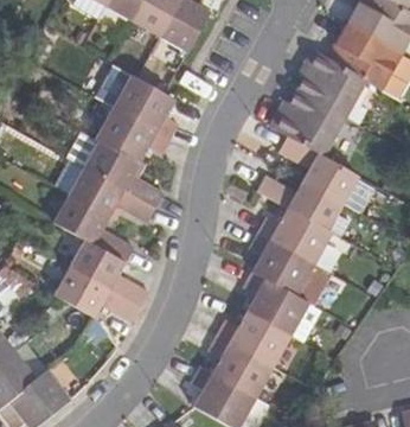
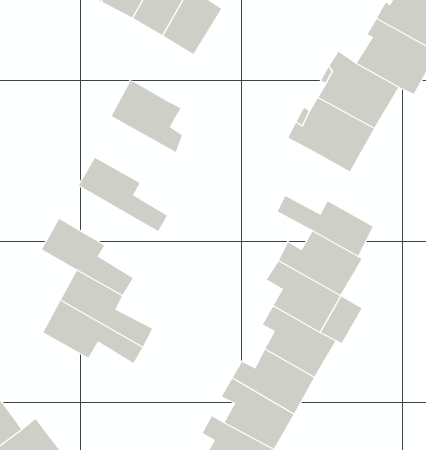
building: [95,107,171,165] -> none
building: [278,136,359,203] -> none
building: [69,167,155,223] -> none

